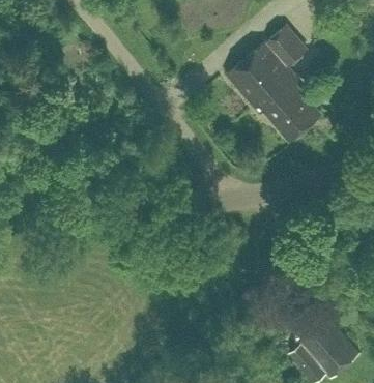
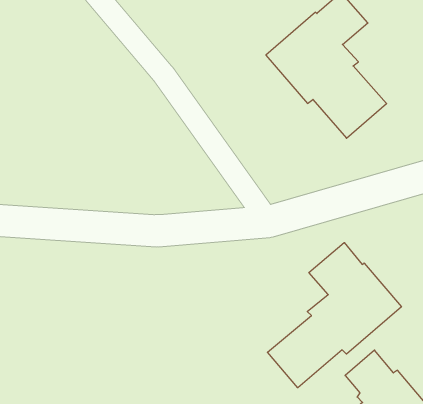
building: none -> [267,243,401,388]

